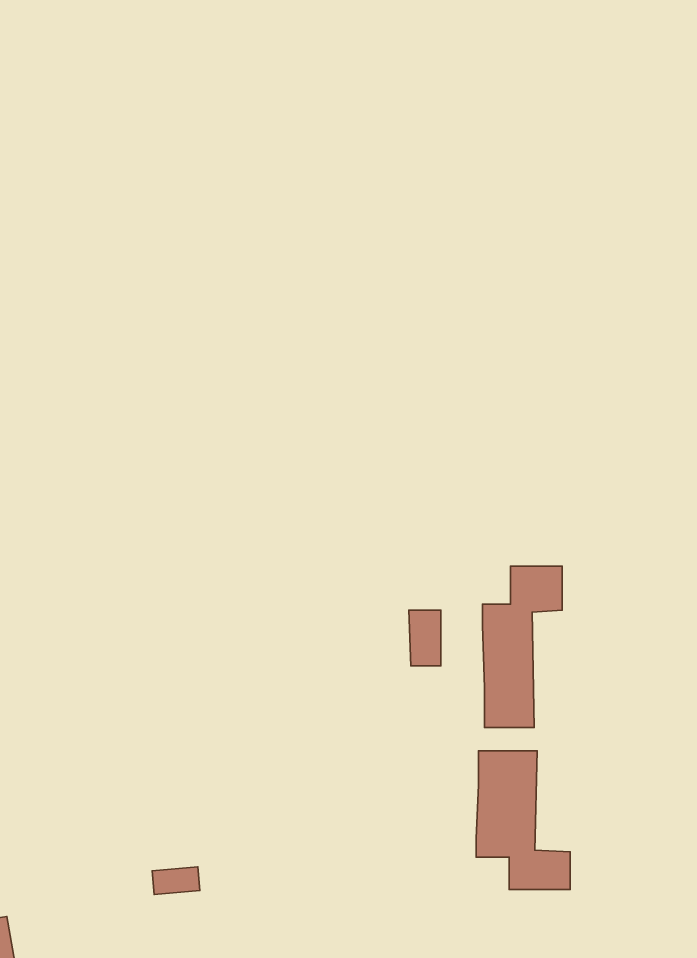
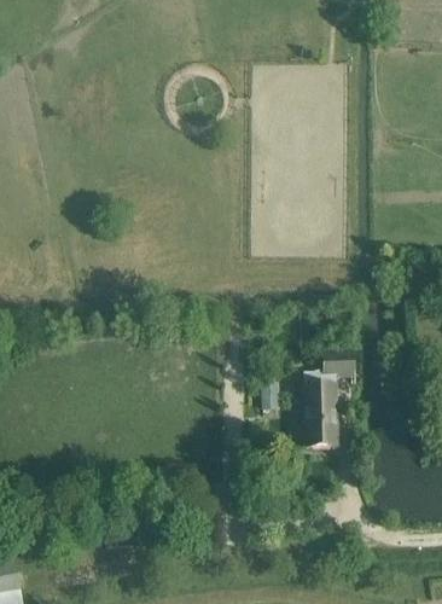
building: [476,751,570,890] -> none

